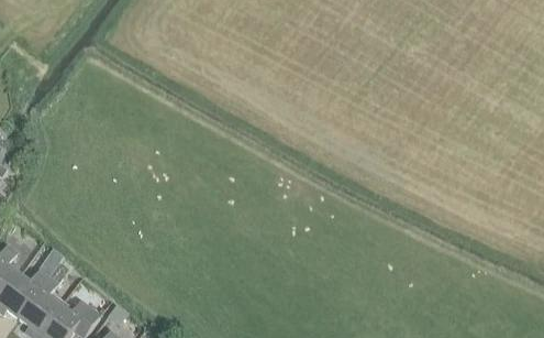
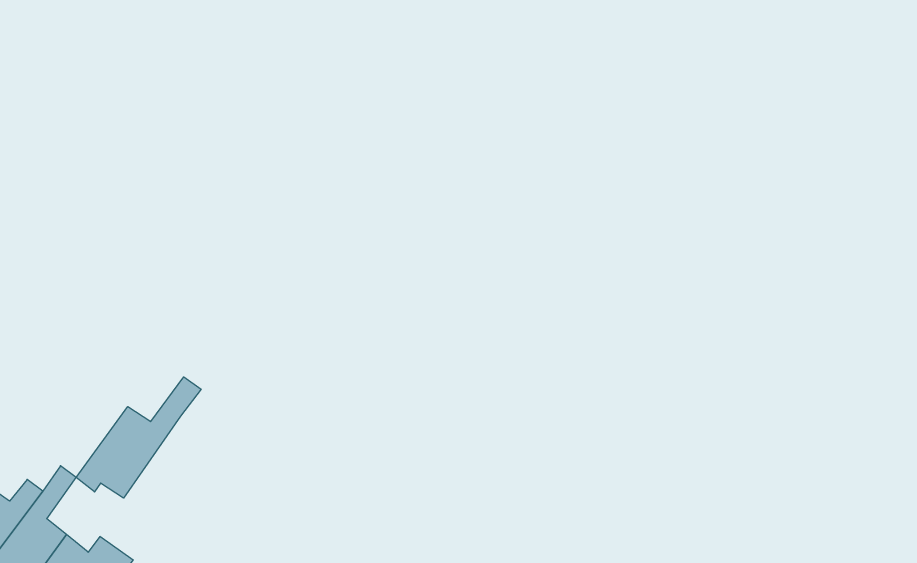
building: none -> [76,377,201,498]

